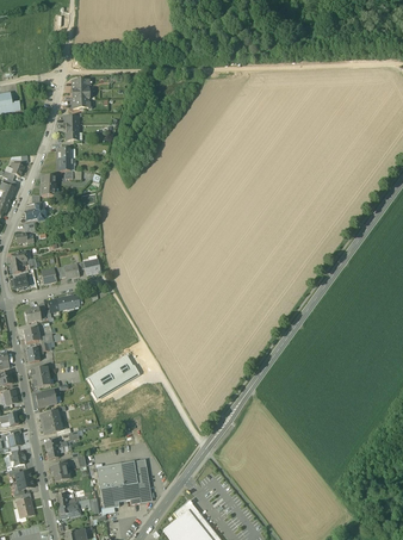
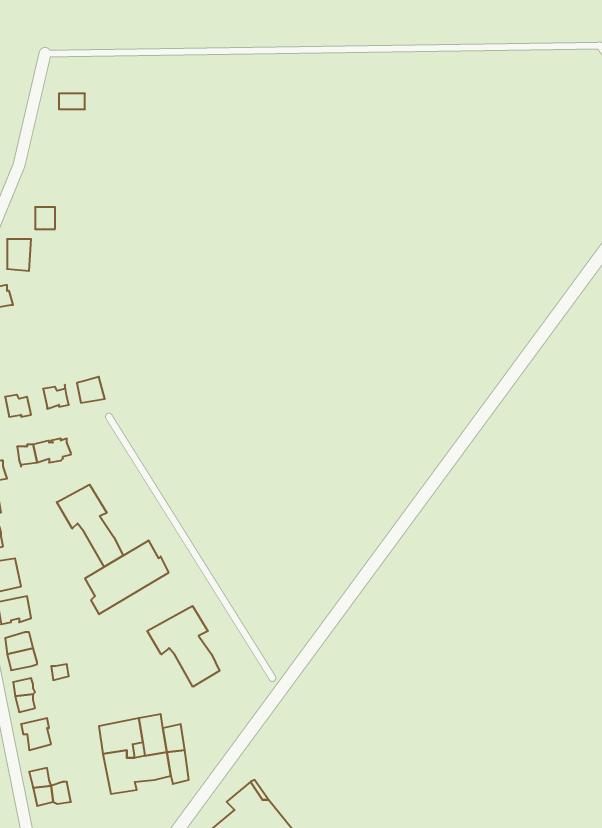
building: none -> [57,485,123,567]
building: none -> [147,606,219,687]

